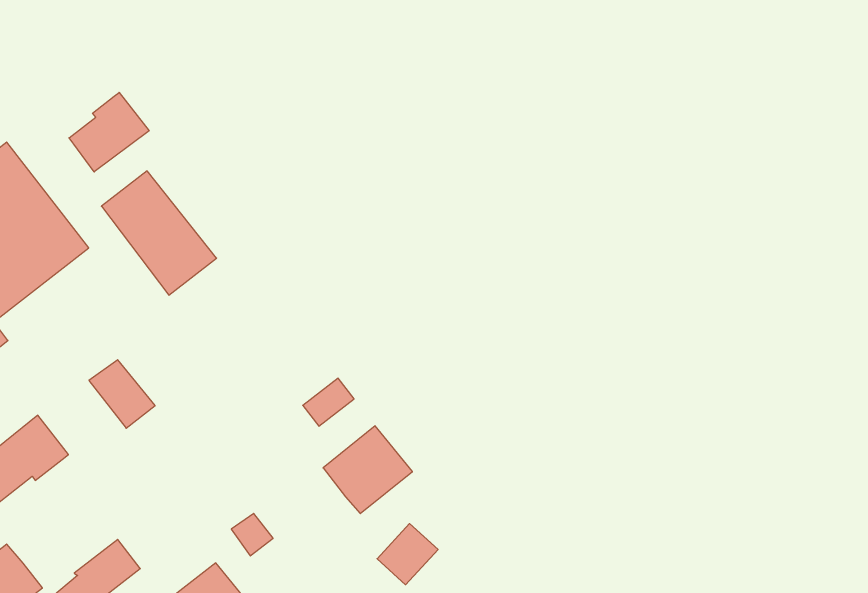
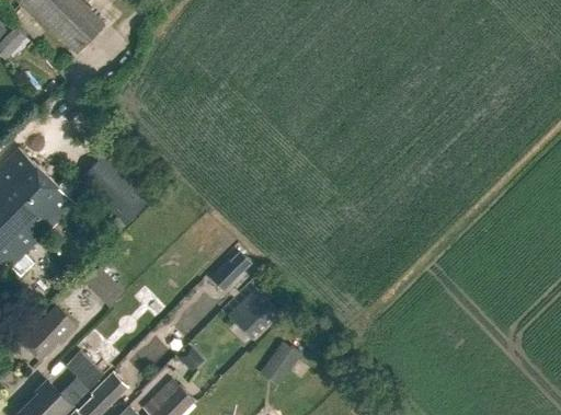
building: [69,92,149,172] -> none
building: none -> [65,351,103,401]

